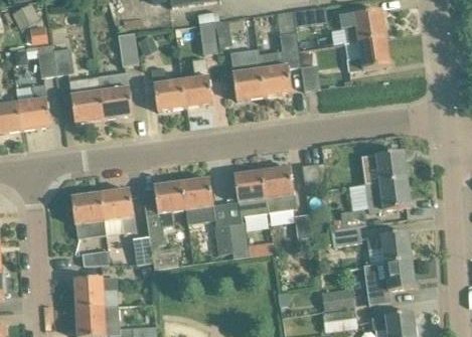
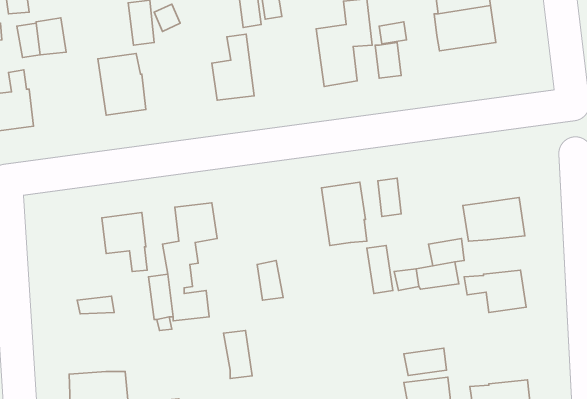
building: [230,49,264,100] -> none
building: [152,67,185,111] -> none
building: [68,76,104,123] -> none
building: [361,151,407,182] -> none
building: [233,171,268,216] -> none
building: [181,178,215,224] -> none
building: [71,193,106,238] -> none
building: [228,222,250,258] -> [223,330,252,378]
building: [365,259,415,305] -> none
building: [74,277,118,308] -> none

